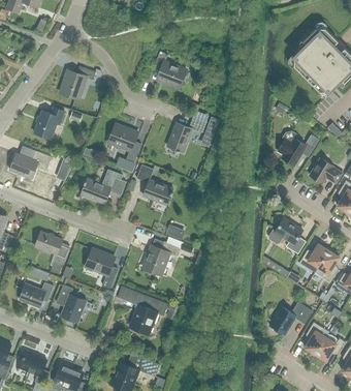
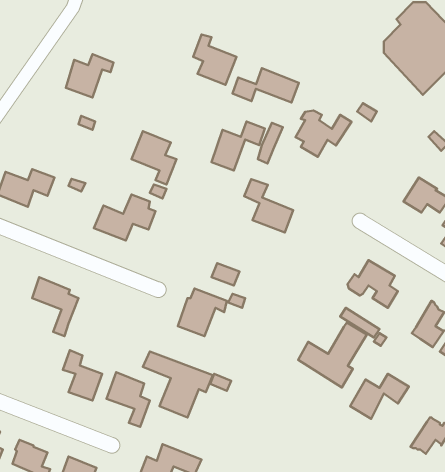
building: none -> [232,68,299,102]
building: [34,106,64,139] -> none
building: [278,130,319,164] -> [295,110,351,157]
building: [136,164,172,204] -> [244,179,293,233]
building: [298,243,329,271] -> none
building: [86,247,118,288] -> [106,372,150,427]
building: none -> [298,323,367,388]
building: [20,281,54,307] -> none
building: [305,321,329,355] -> none

